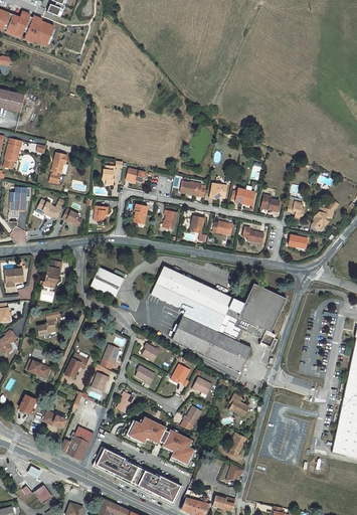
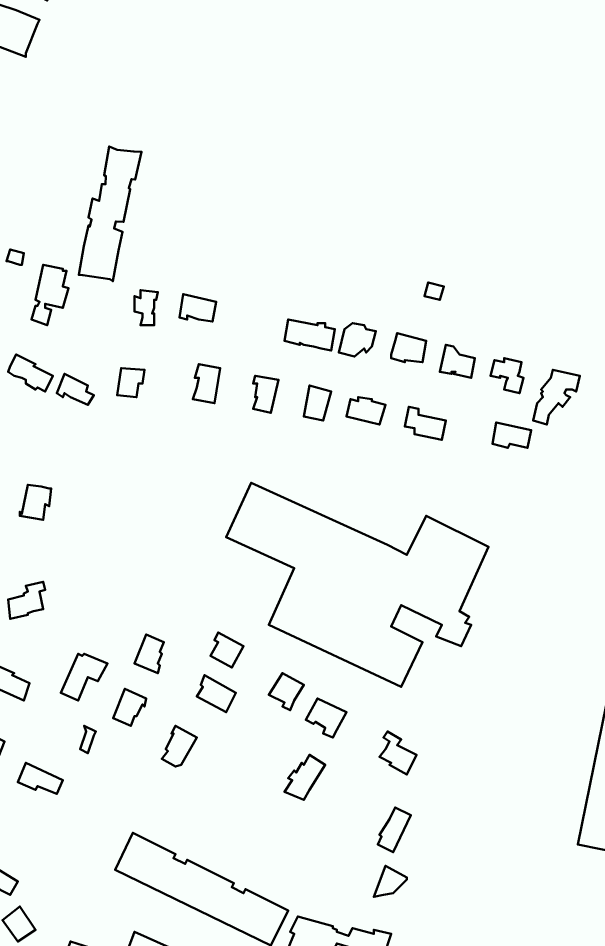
building: none -> [79,147,142,281]
building: [90,268,124,298] -> none
building: [125,416,196,468] -> none
building: [59,426,94,460] -> none

